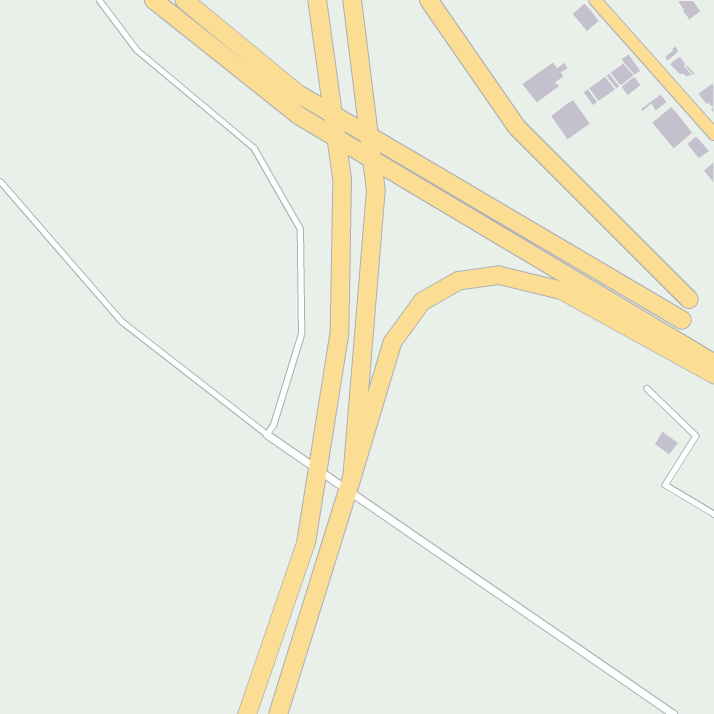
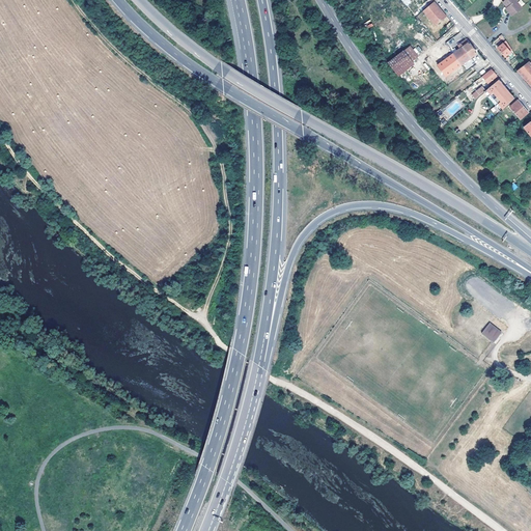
building: [550,99,591,140] -> none

